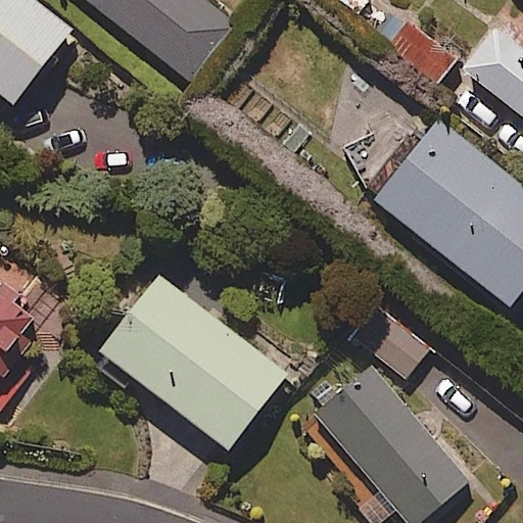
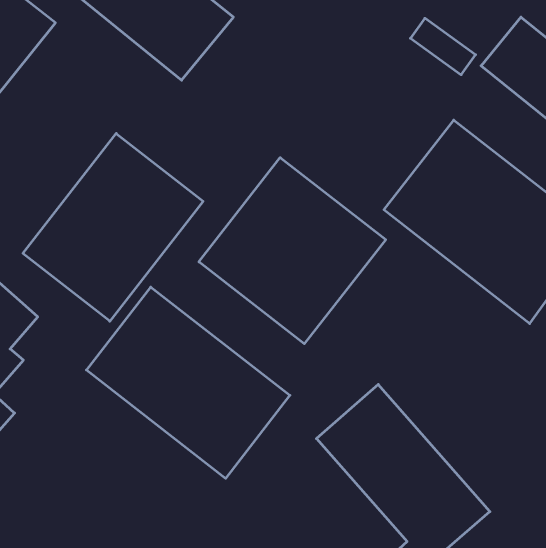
building: none -> [23,133,203,321]
building: none -> [199,158,386,344]

